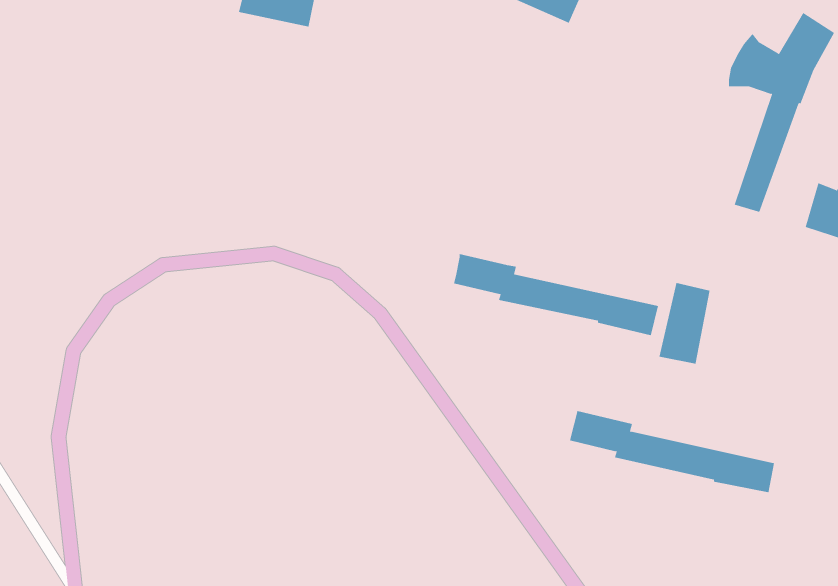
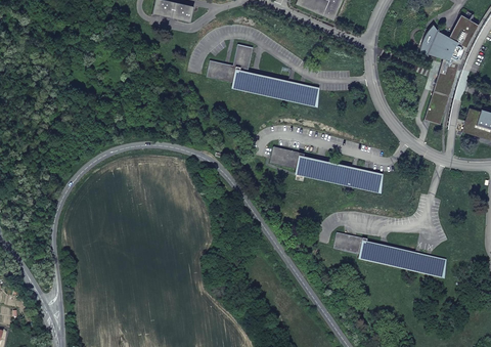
building: none -> [207,44,319,105]
building: [659,282,710,364] -> none

